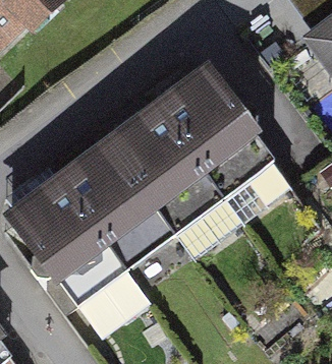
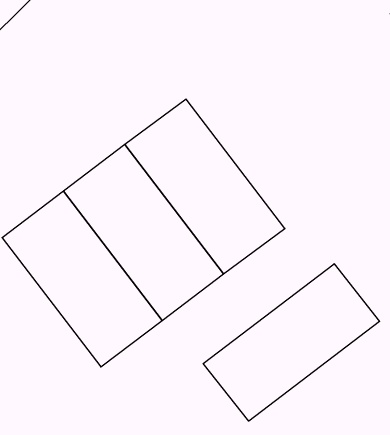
building: [148,68,270,202] -> none
building: none -> [203,264,380,421]

